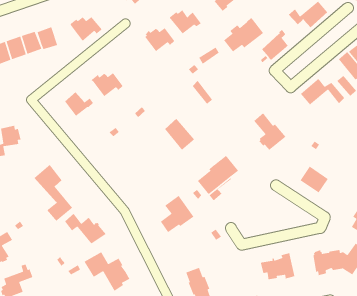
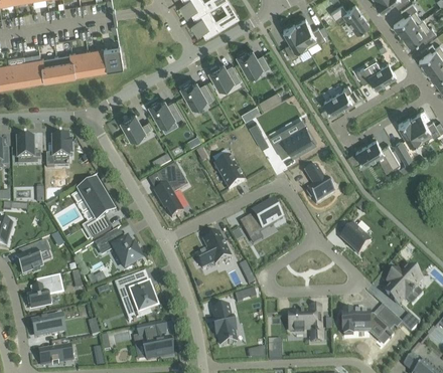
building: [69,16,103,42] -> [181,81,213,107]
building: [220,17,264,53] -> [270,124,314,156]
building: none -> [153,163,187,217]

